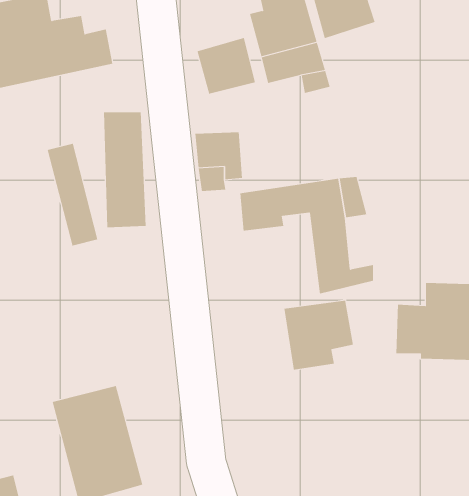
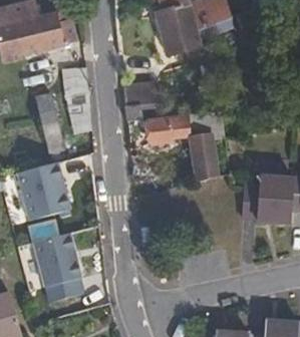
building: [197,37,255,95] -> none
building: none -> [15,165,71,225]
building: [284,300,354,370] -> none

